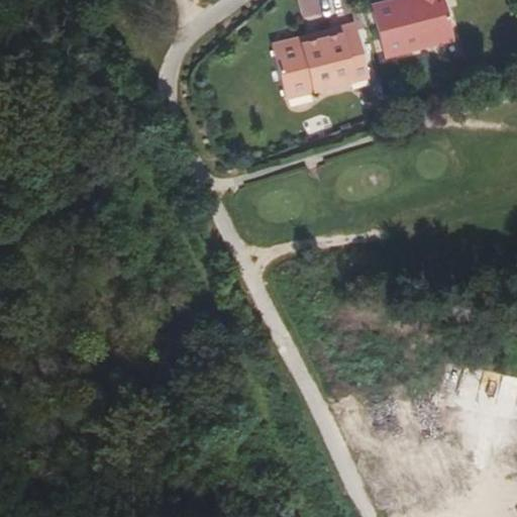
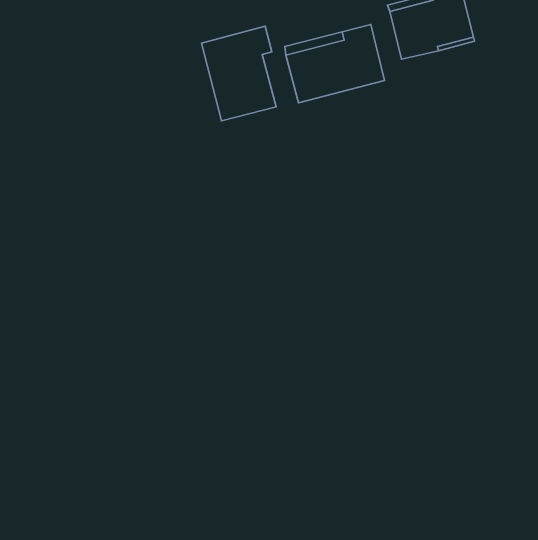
building: none -> [201,26,276,121]

